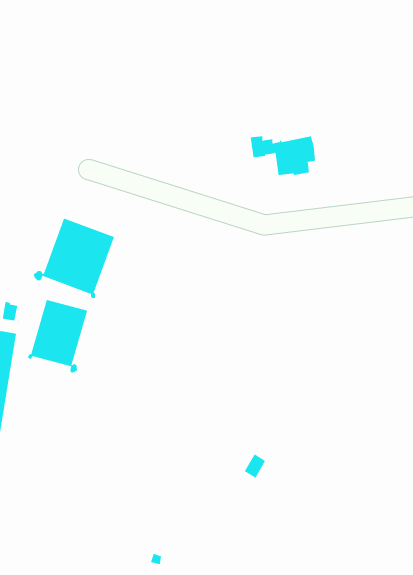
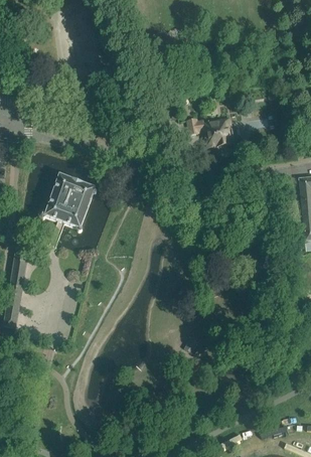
building: [27,299,88,373] -> none

